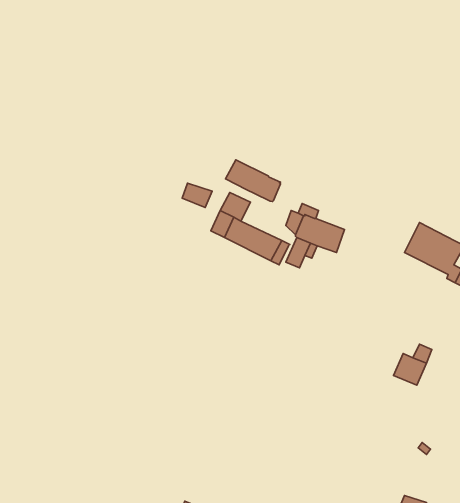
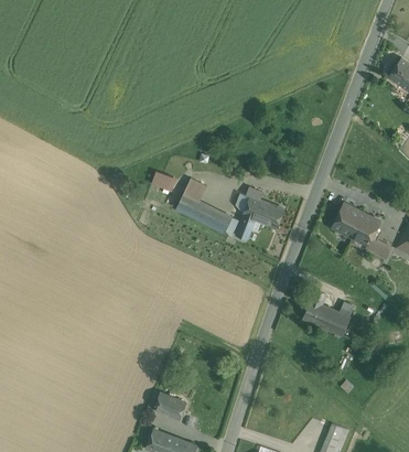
building: [226,160,281,201] -> none
building: none -> [304,291,331,327]
building: none -> [154,392,186,419]

